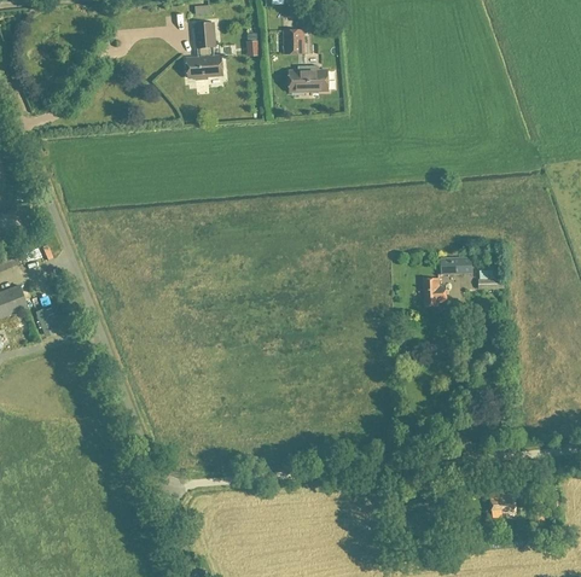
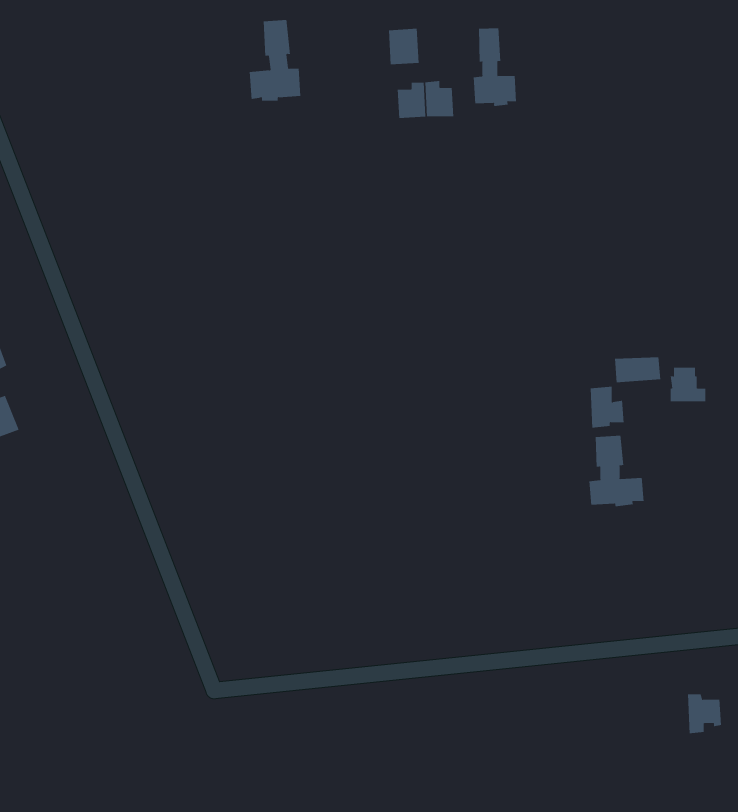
building: none -> [473,27,517,107]
building: none -> [589,435,644,507]

